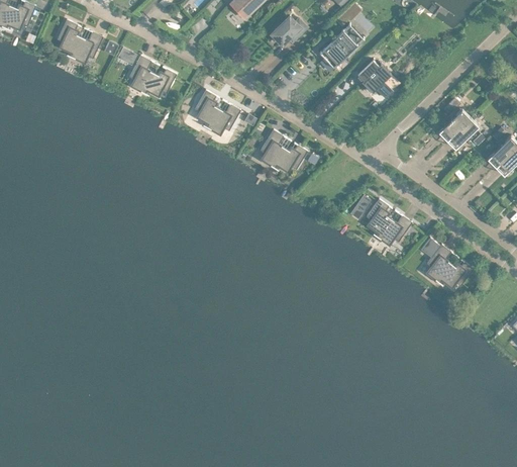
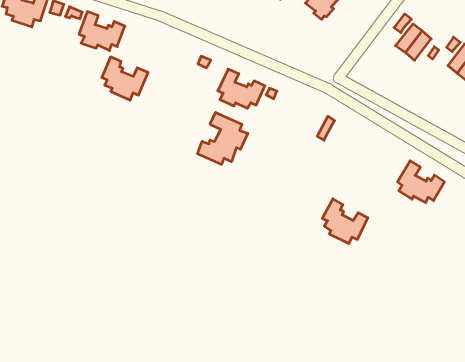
building: [193,90,239,135] -> [102,57,148,100]
building: none -> [198,112,248,164]
building: [365,199,410,246] -> [322,199,368,244]

